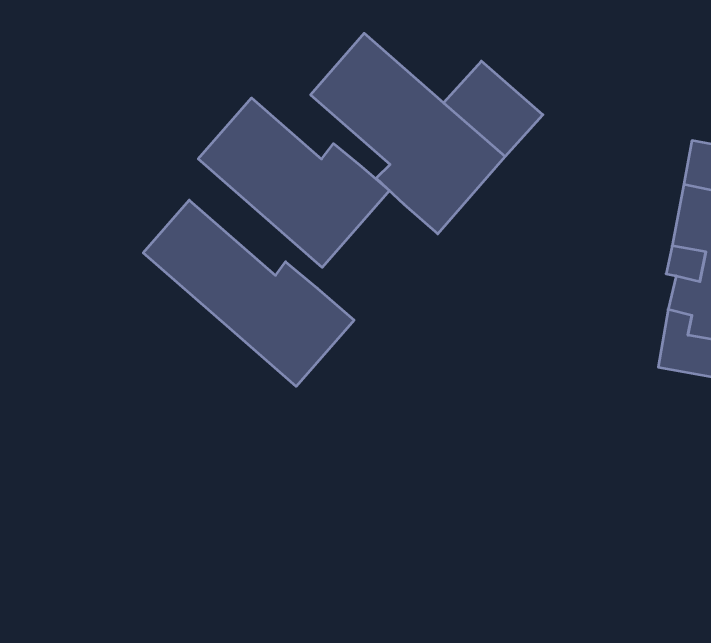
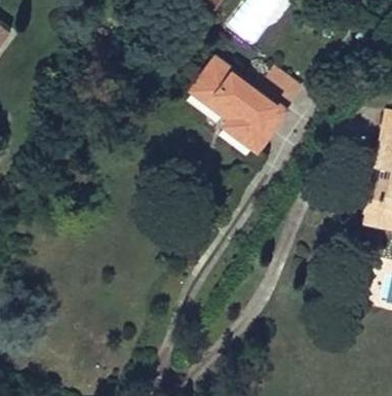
building: [198,98,389,267] -> none
building: [143,200,354,386] -> none

